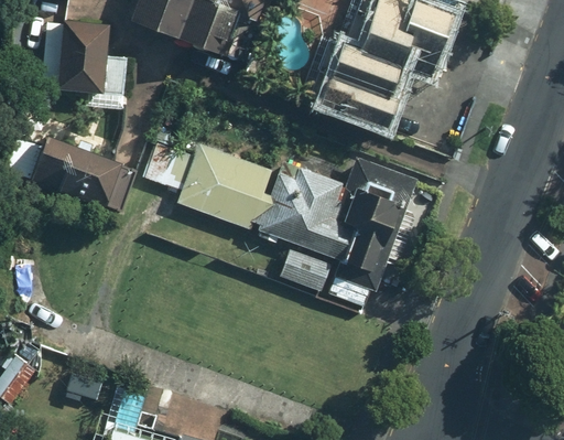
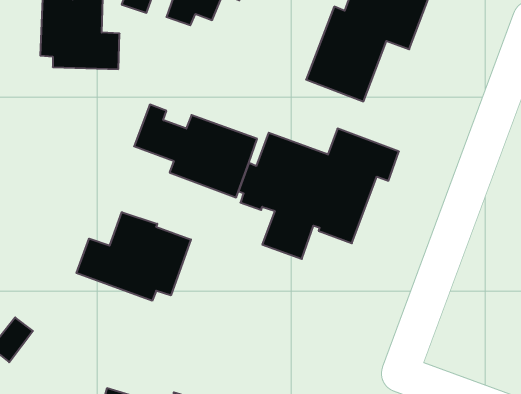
building: [9,136,126,212] -> none
building: none -> [76,212,191,301]

